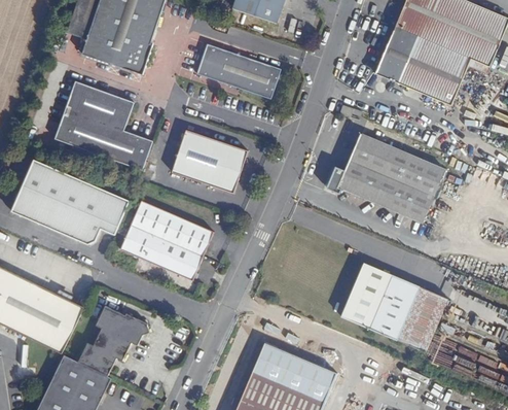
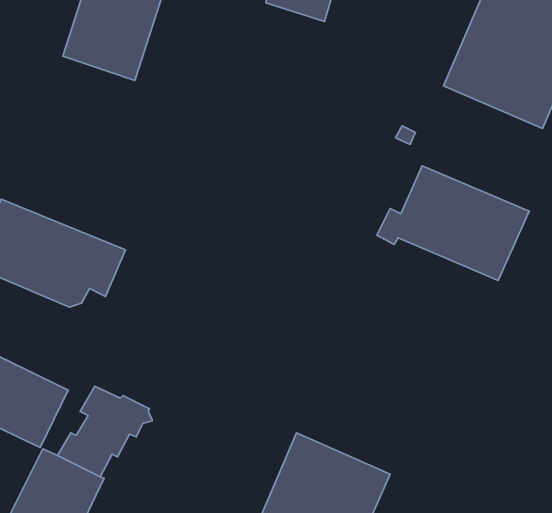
building: [205,44,287,98] -> none
building: [51,82,149,168] -> none
building: [171,126,246,190] -> none
building: [123,201,213,278] -> none
building: [338,260,447,353] -> none

